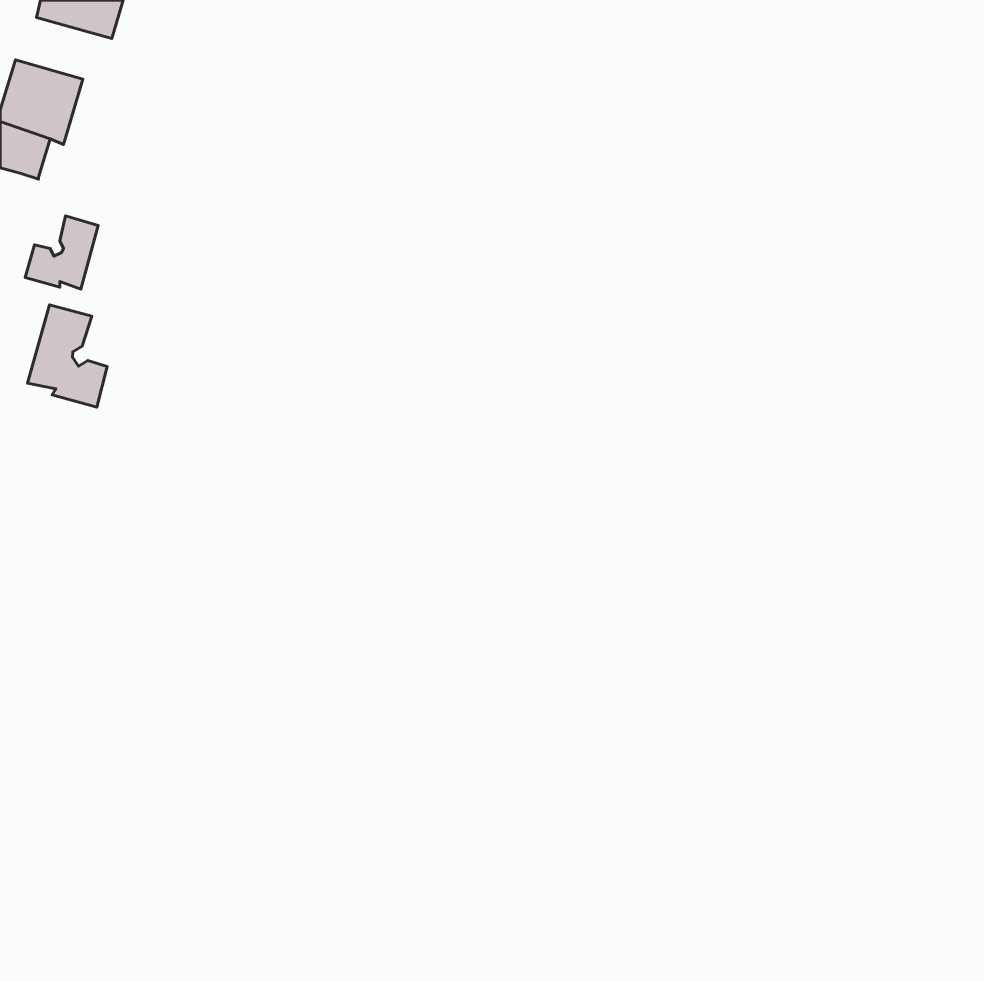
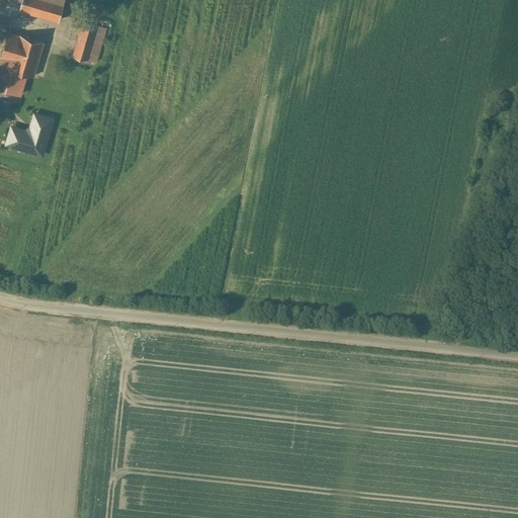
building: none -> [73,22,98,62]
building: [27,305,107,407] -> none

